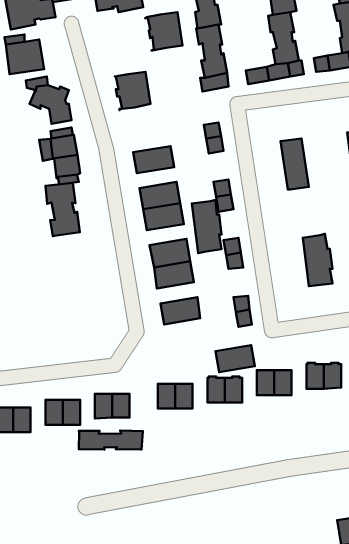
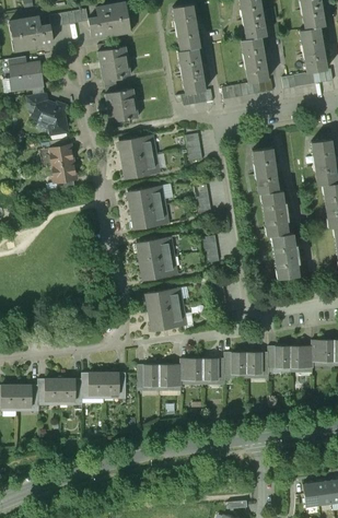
building: [145,12,182,50] -> [97,46,130,80]
building: none -> [119,134,155,160]
building: [45,183,80,236] -> none
building: [192,200,222,253] -> [261,189,288,236]
building: [215,345,255,372] -> [150,306,185,330]
building: [79,430,143,450] -> none

